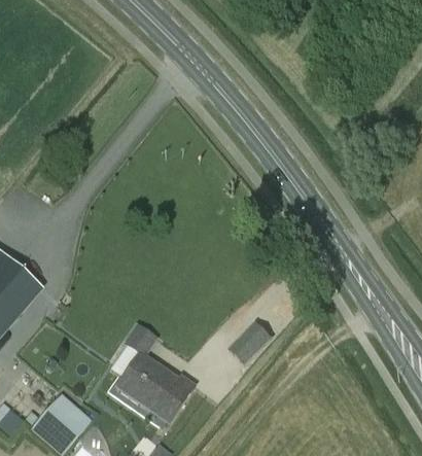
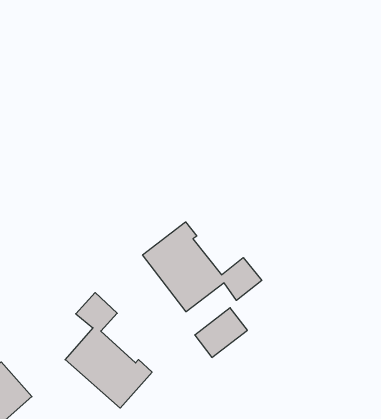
building: none -> [143,222,262,312]

